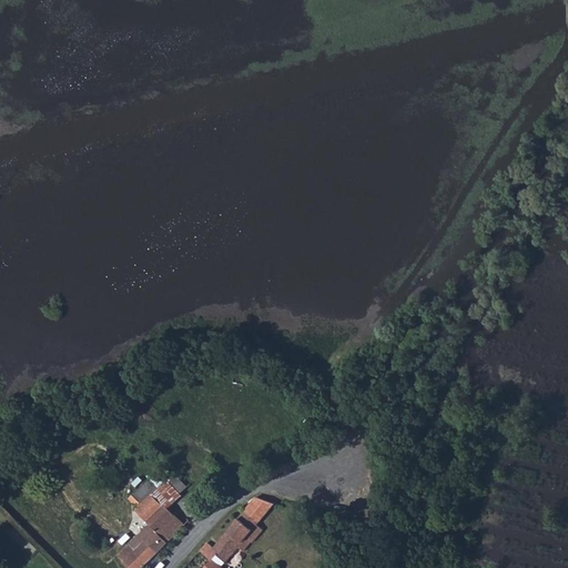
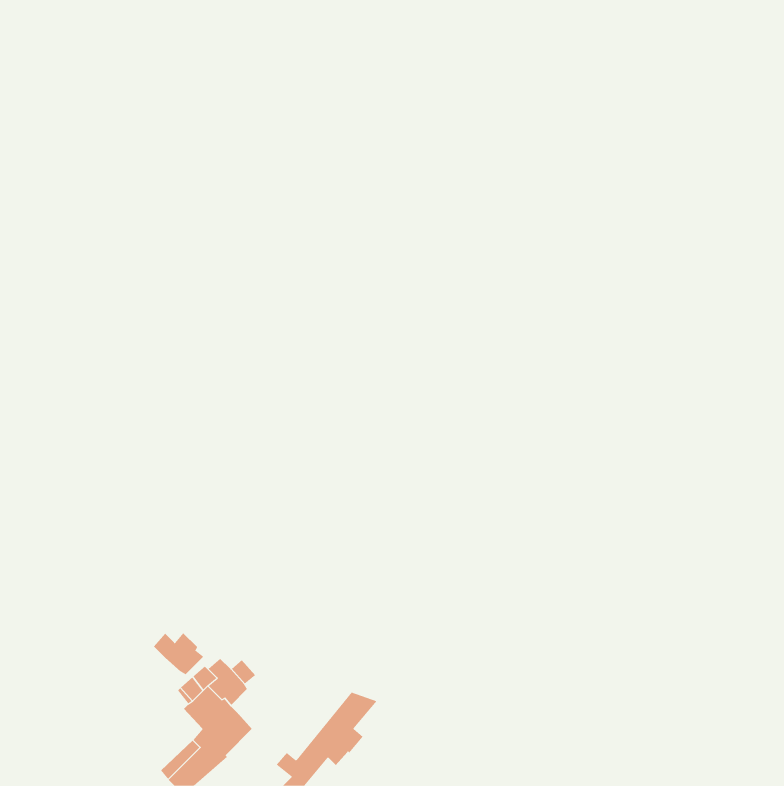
building: none -> [153,632,204,675]

